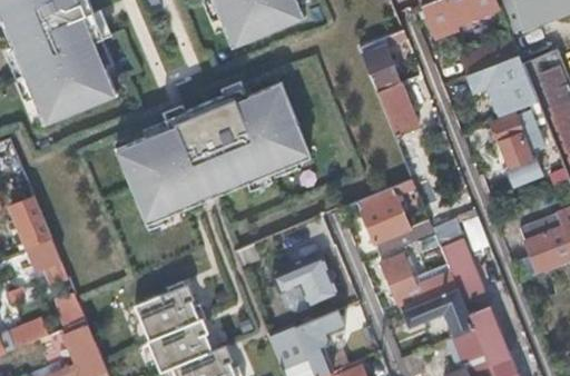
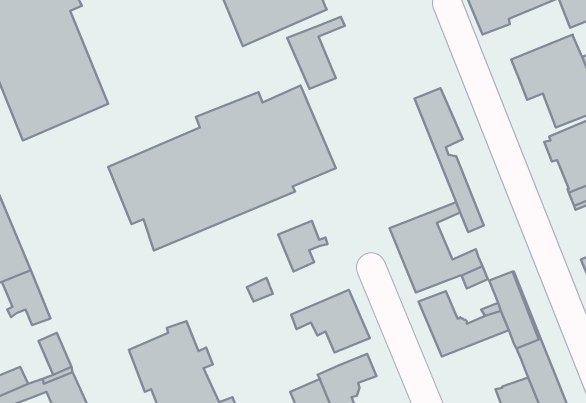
building: [358,30,407,91] -> [287,17,345,89]
building: none -> [278,221,327,271]
building: [401,288,474,337] -> none

